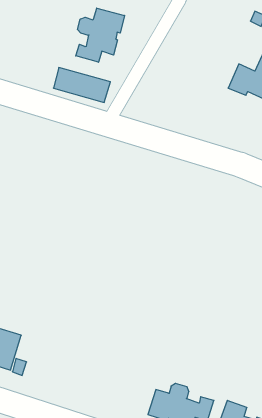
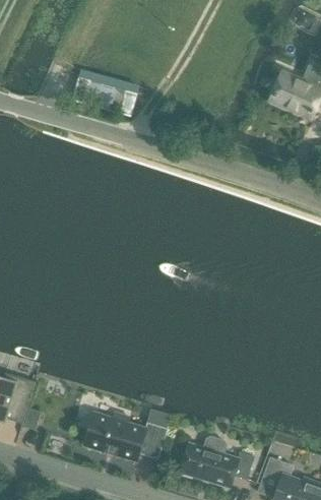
building: [76,8,125,62] -> none
building: none -> [82,413,167,461]

